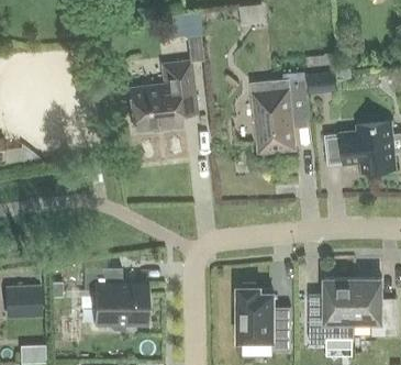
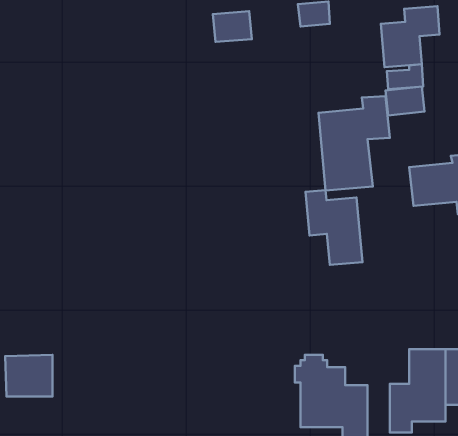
building: none -> [381,6,440,67]
building: [129,62,196,130] -> none
building: none -> [306,190,362,265]
building: [83,268,146,331] -> none

